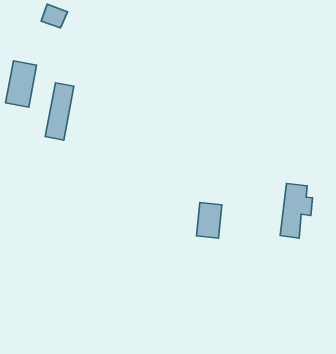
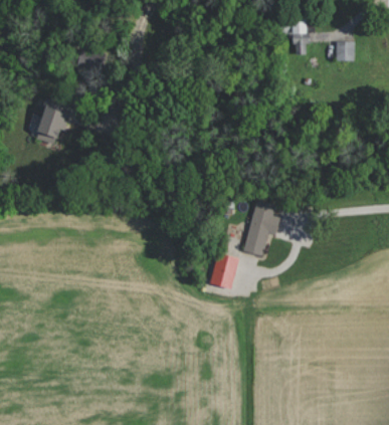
building: [45,83,74,140] -> none
building: [280,183,312,238] -> [244,200,278,254]

